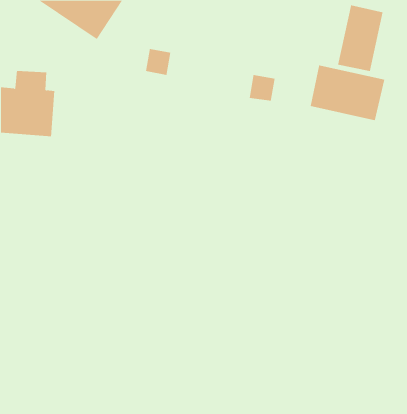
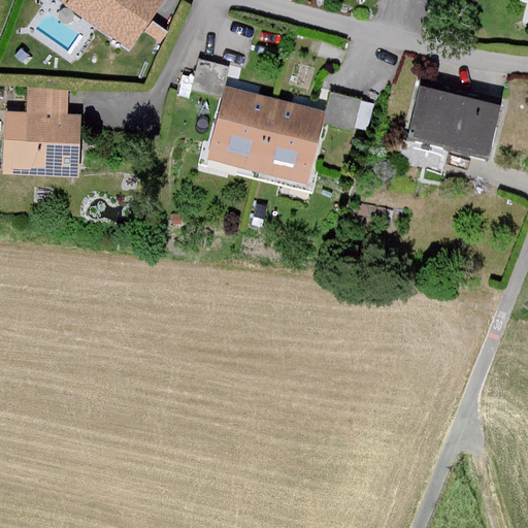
building: [338,5,383,72] -> none
building: none -> [210,88,320,179]

